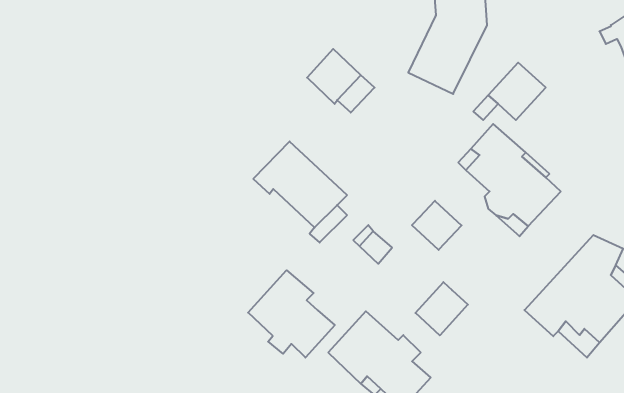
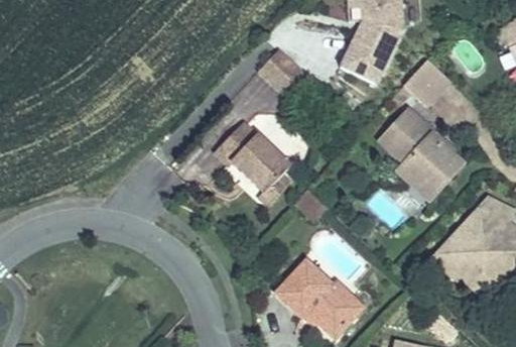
building: [412,201,462,250] -> none
building: [248,270,335,358] -> none
building: [415,282,468,335] -> none

